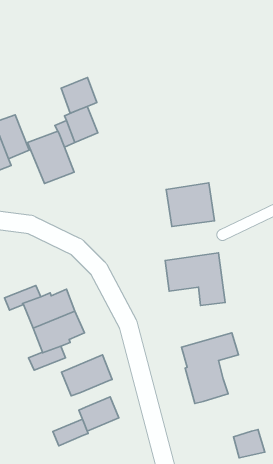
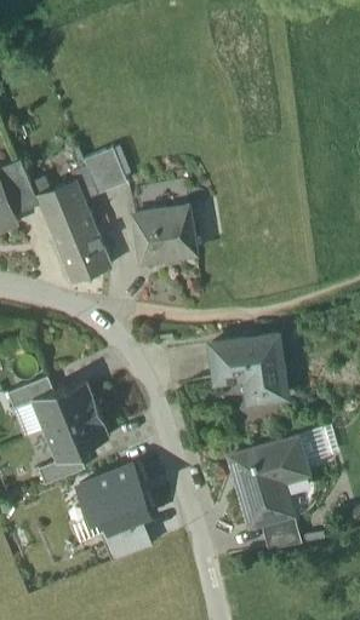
building: [61,78,97,113] -> none
building: none -> [58,231,110,282]
building: [166,183,215,227] -> [135,205,196,260]
building: [53,419,88,446] -> [103,496,148,530]
building: [234,429,265,458] -> [261,513,301,550]

